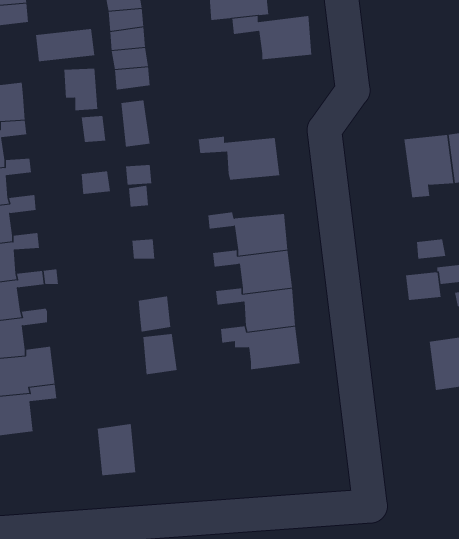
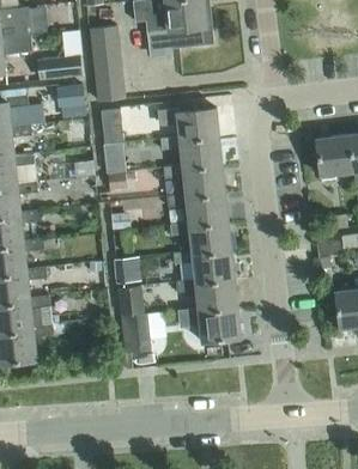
building: [232,15,312,60] -> [157,108,218,141]
building: none -> [163,165,225,199]
building: none -> [180,307,241,342]
building: [97,424,136,476] -> [120,313,150,353]

